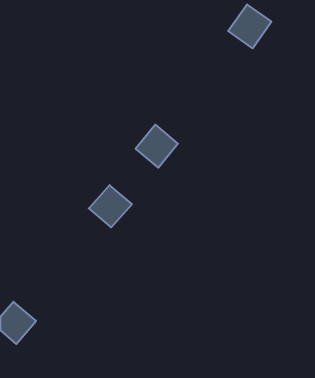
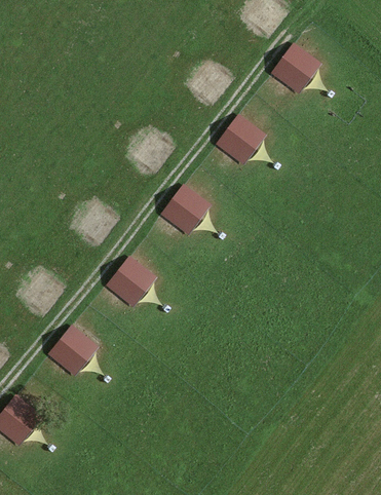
building: none -> [216,114,267,165]
building: none -> [49,325,100,375]

